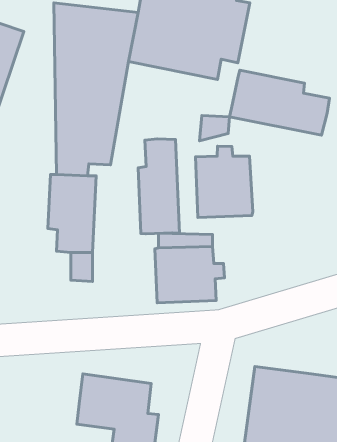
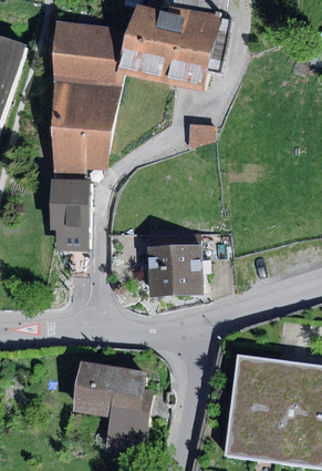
building: [229,70,329,135] -> none
building: [138,139,179,234] -> none
building: [195,146,253,218] -> none

